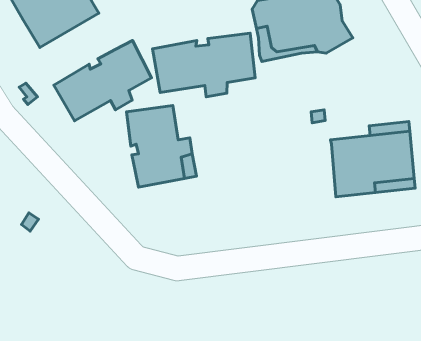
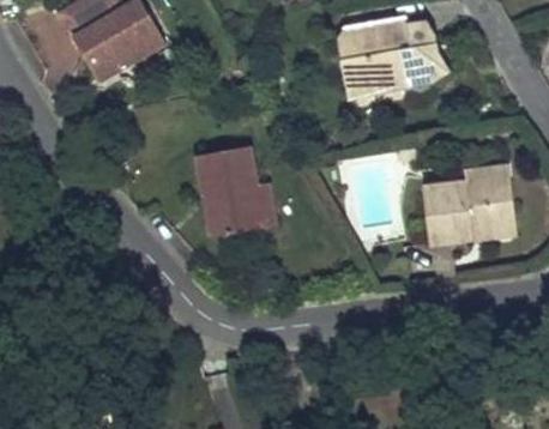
building: [153,33,255,97] -> none
building: [54,41,151,121] -> none

